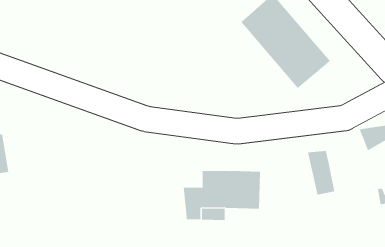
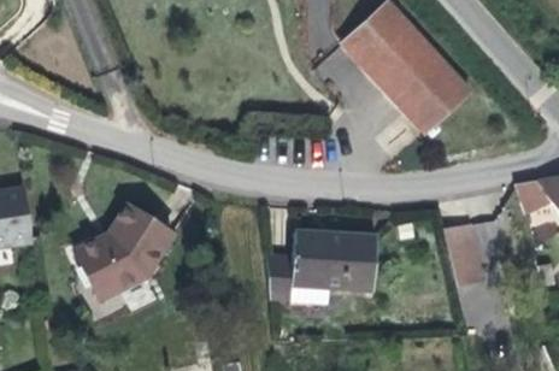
building: none -> [66,198,171,300]

